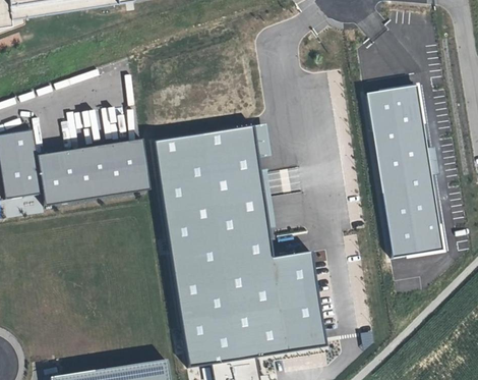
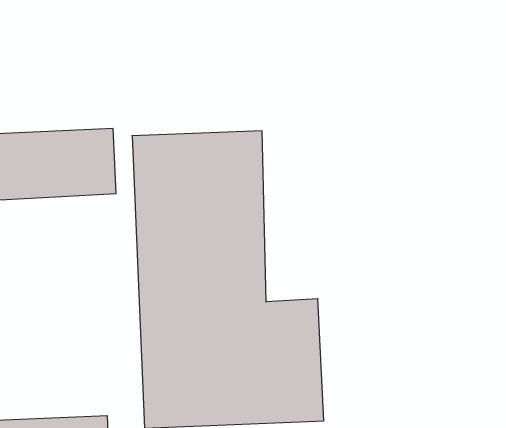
building: [368,86,442,256] -> none

